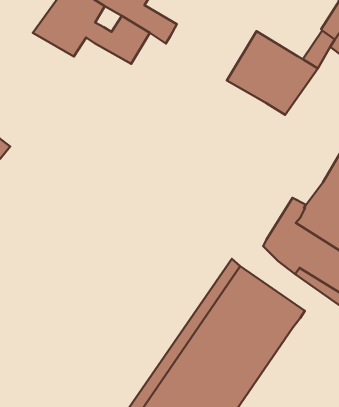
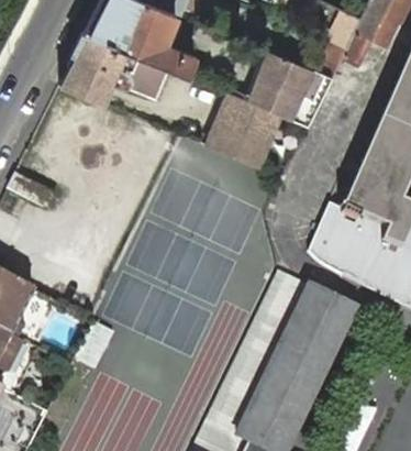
building: none -> [210,95,282,167]

